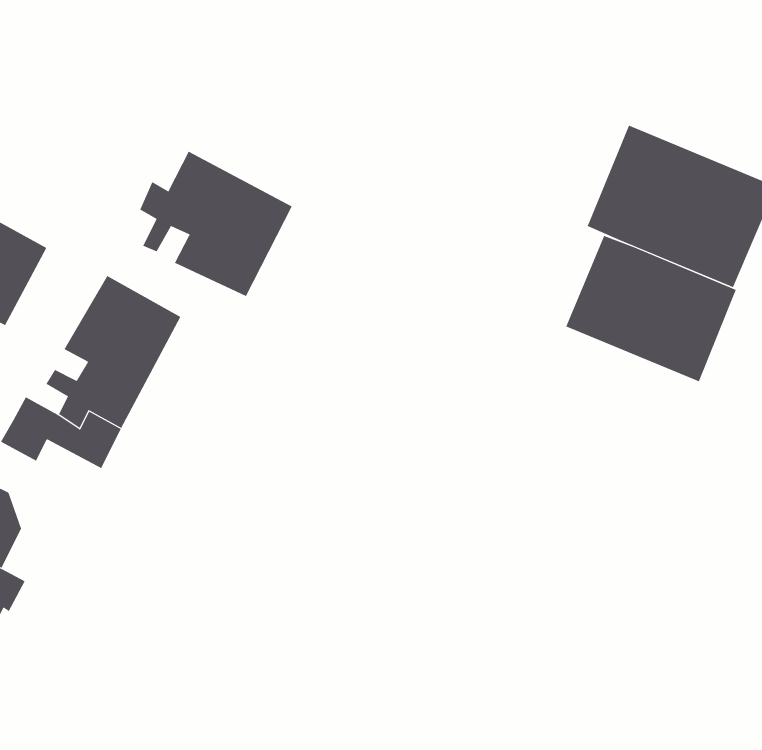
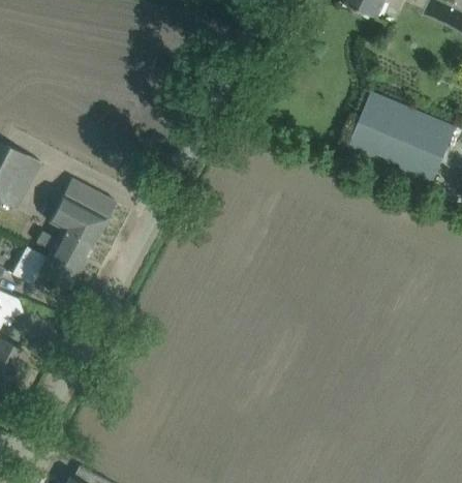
building: [140,151,292,297] -> none
building: [566,235,736,382] -> none

